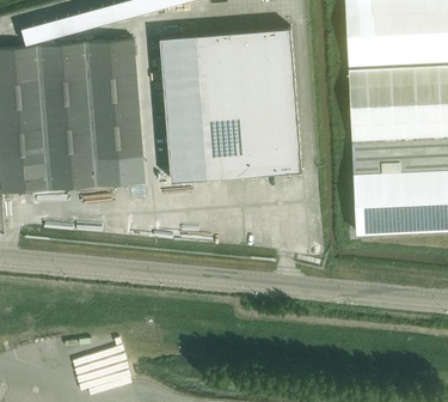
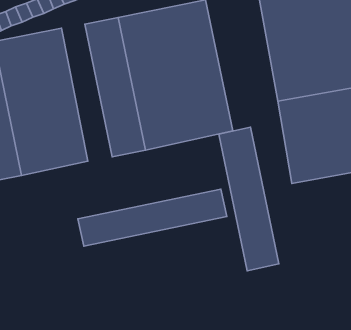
building: none -> [219,127,279,271]
building: none -> [78,189,227,246]

